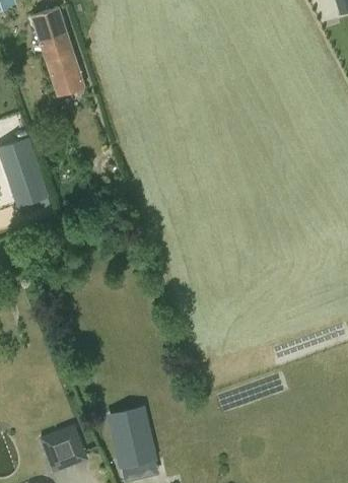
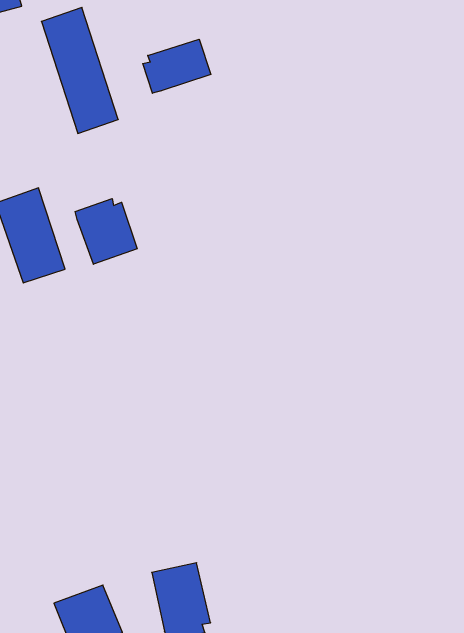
building: none -> [143,39,211,93]
building: none -> [75,199,137,264]

